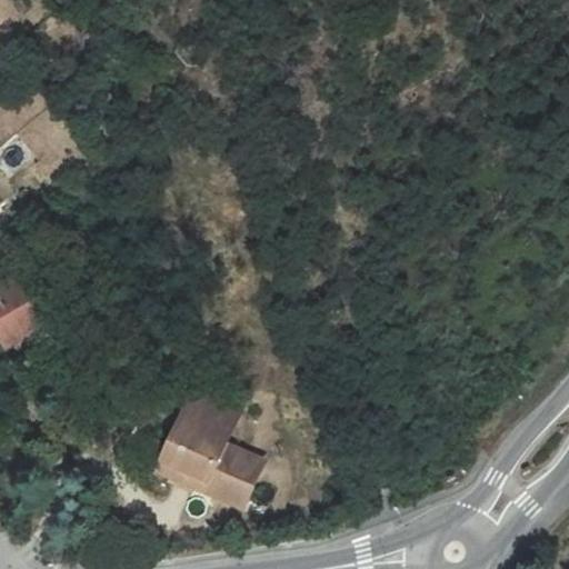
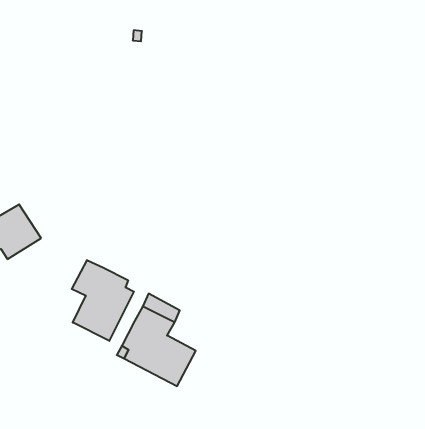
building: none -> [72,260,134,341]

